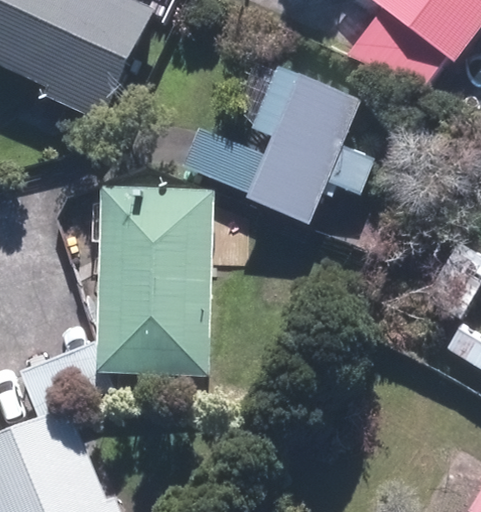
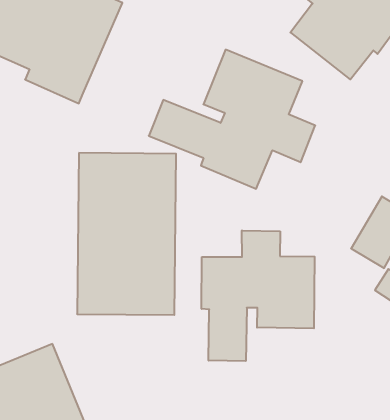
building: none -> [202,230,315,361]

